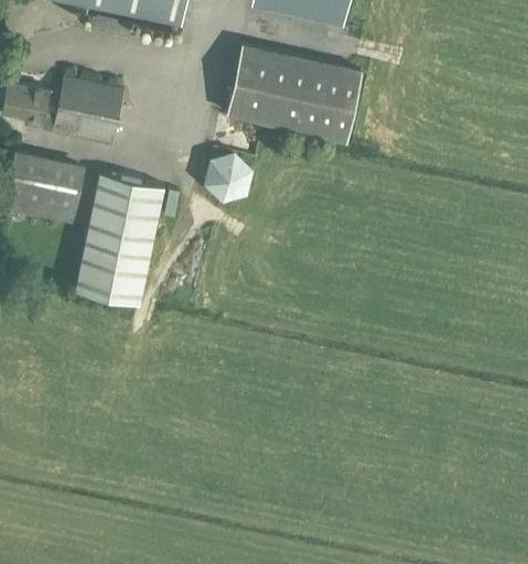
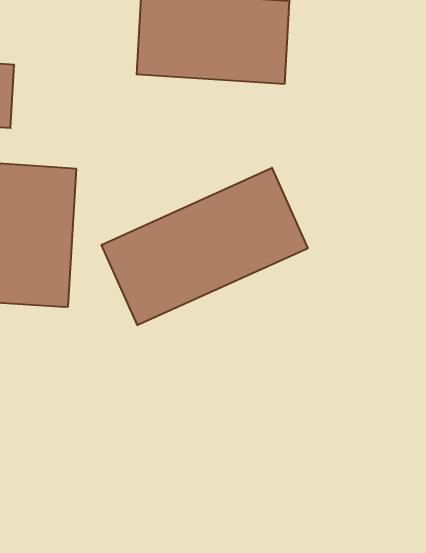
building: [204,153,250,200] -> none
building: none -> [102,168,308,325]

